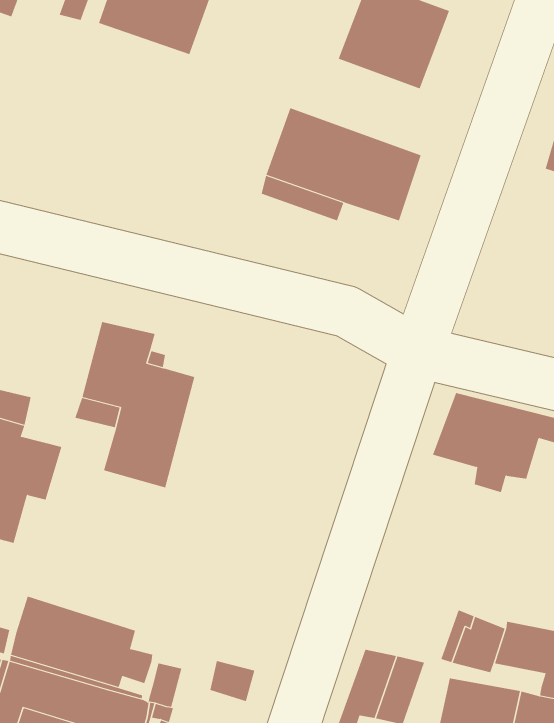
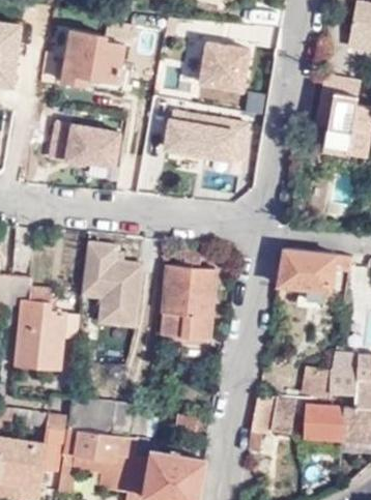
building: none -> [44,118,119,169]
building: none -> [163,249,216,340]

